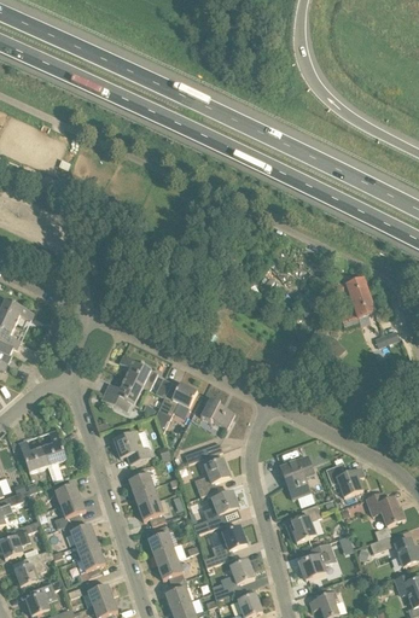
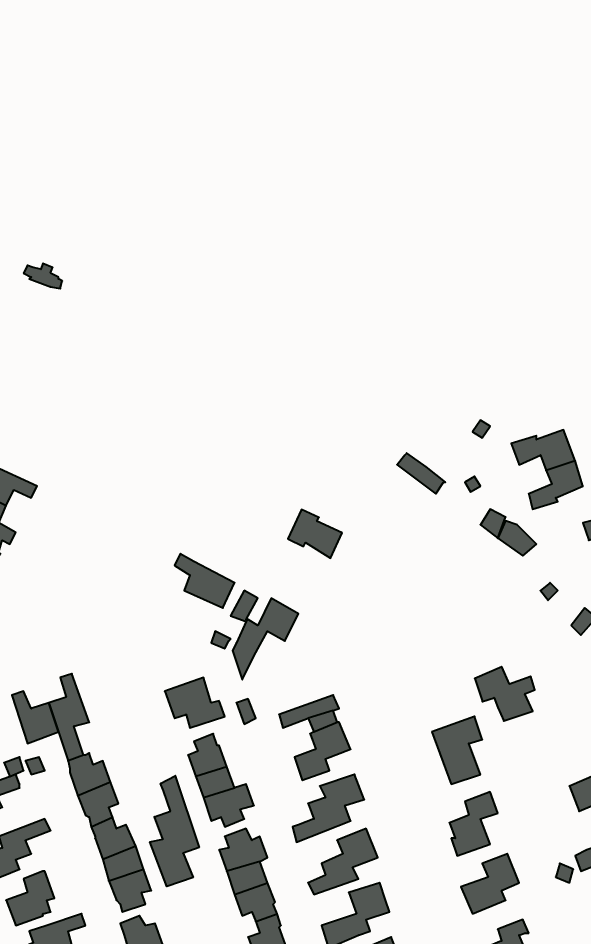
building: [101,377,150,412] -> none
building: [200,397,234,427] -> [288,510,342,558]
building: [326,461,363,495] -> [475,667,535,721]
building: none -> [150,776,199,886]

